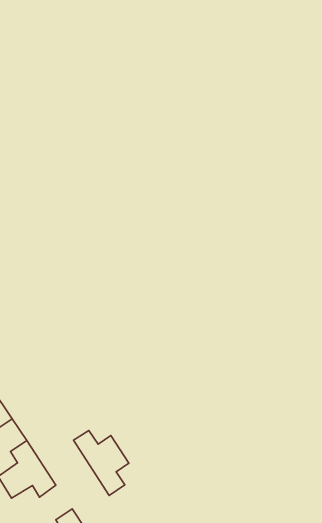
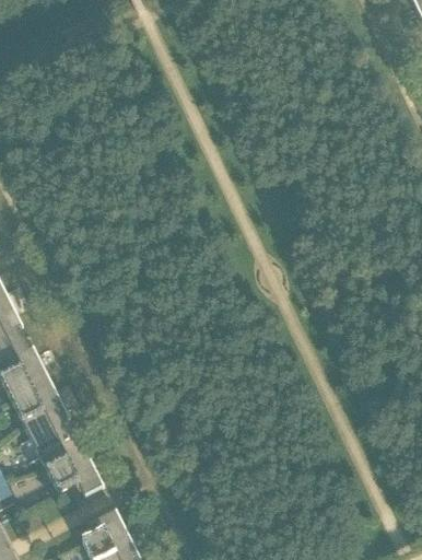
building: [73,430,129,496] -> none

